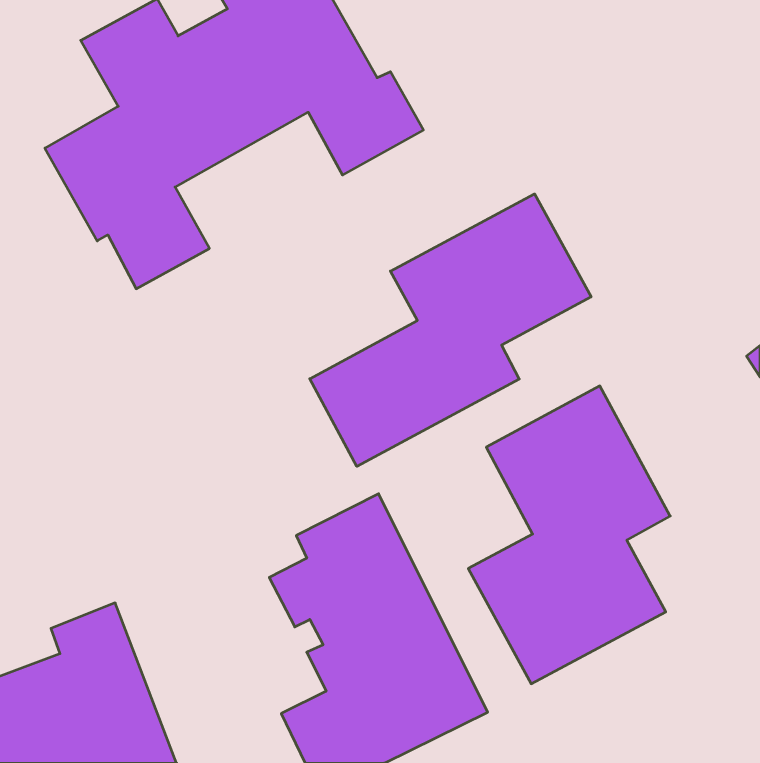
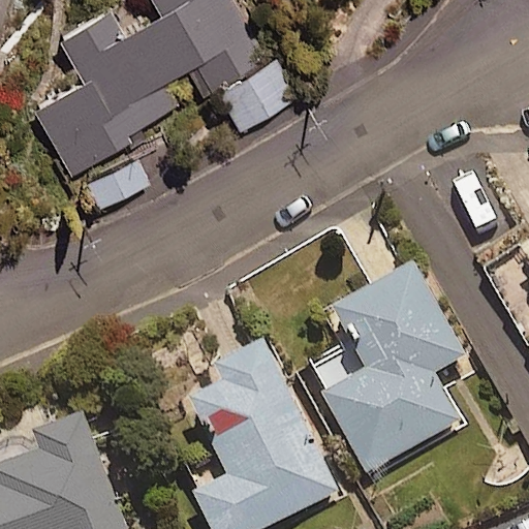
building: [310,194,591,466] -> none

